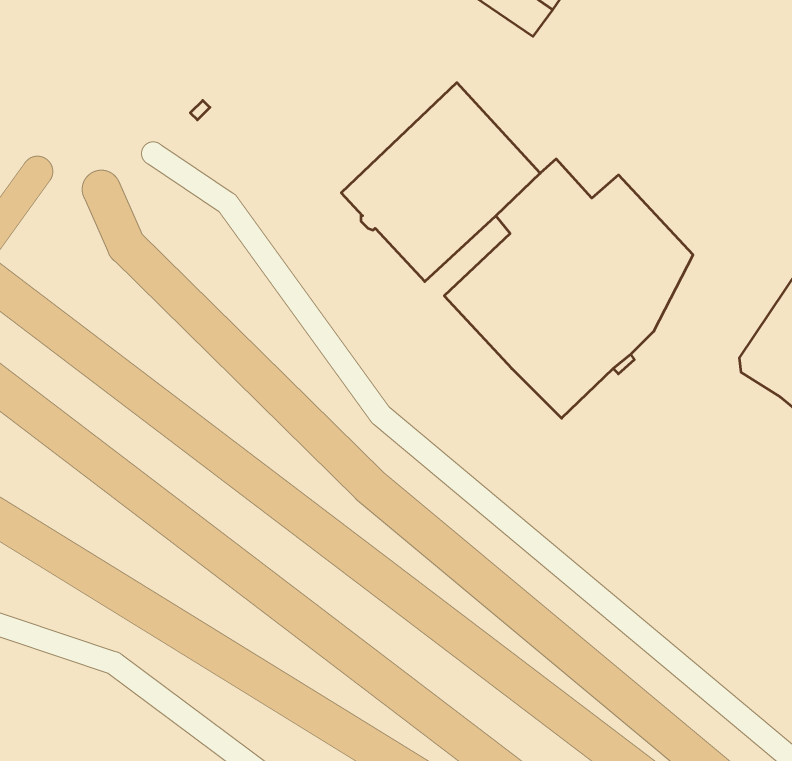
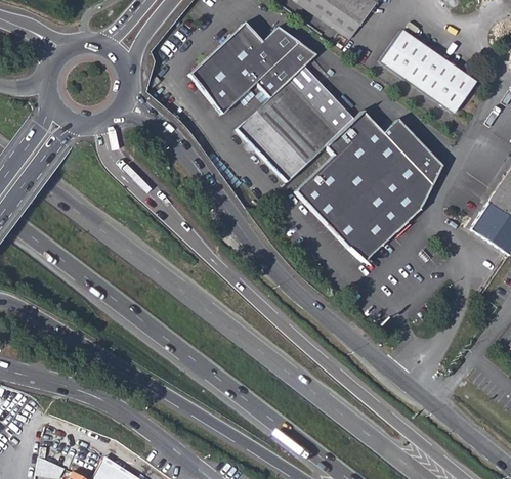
building: none -> [193,23,318,115]
building: none -> [381,30,478,114]

